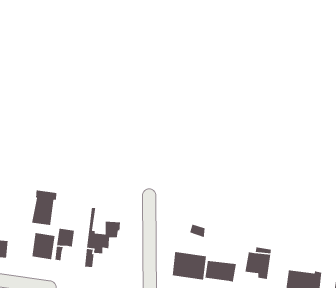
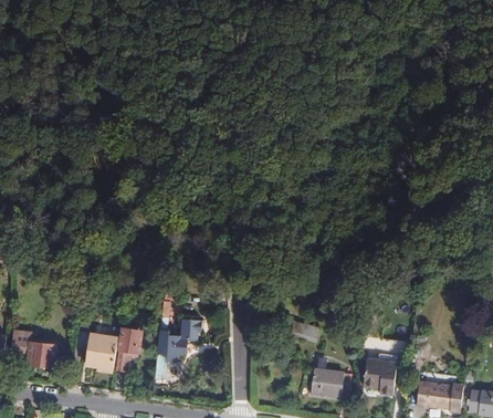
building: [31,189,57,226] -> none
building: [172,251,207,281] -> none

